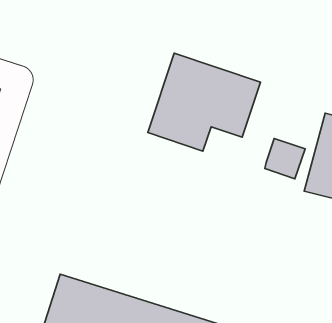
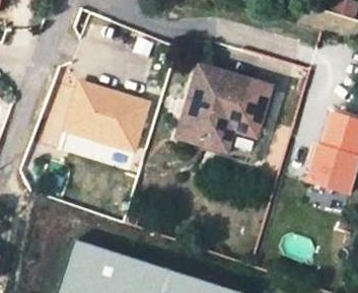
building: none -> [60,77,147,150]
building: [265,138,305,179] -> [210,119,245,154]

